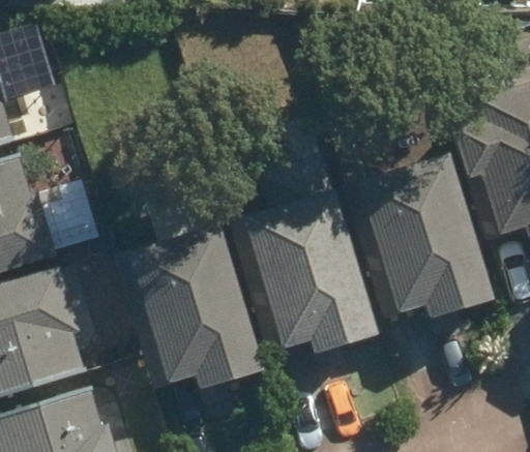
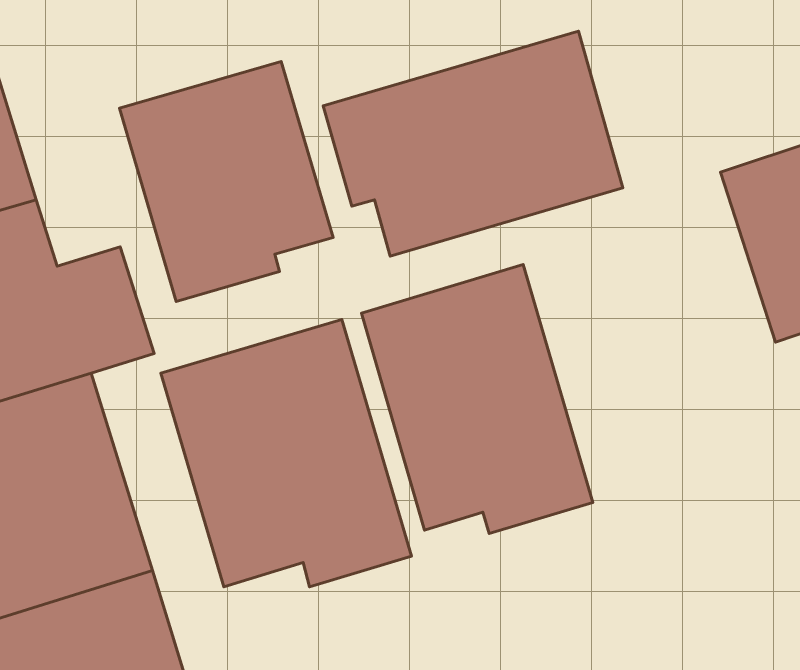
building: none -> [323,31,623,256]
building: none -> [119,62,333,302]
building: [349,149,499,323] -> none

